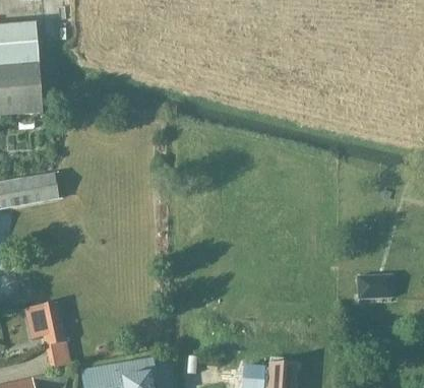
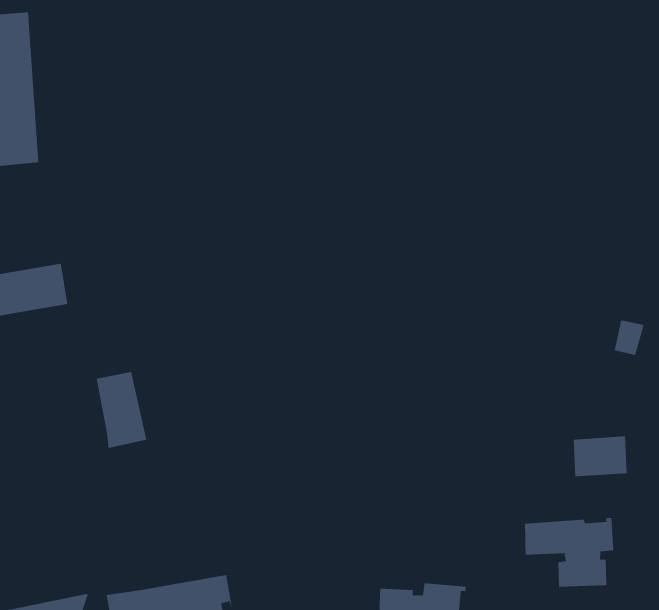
building: [39,302,69,347] -> [96,372,147,448]
building: none -> [525,517,614,587]

